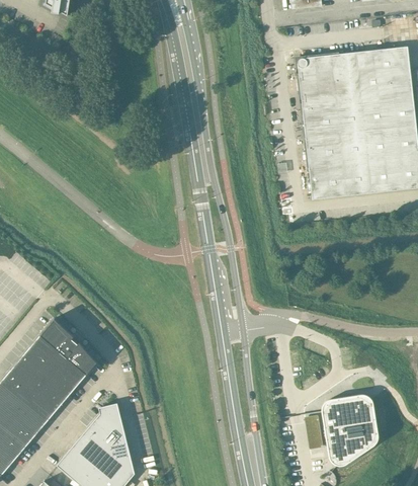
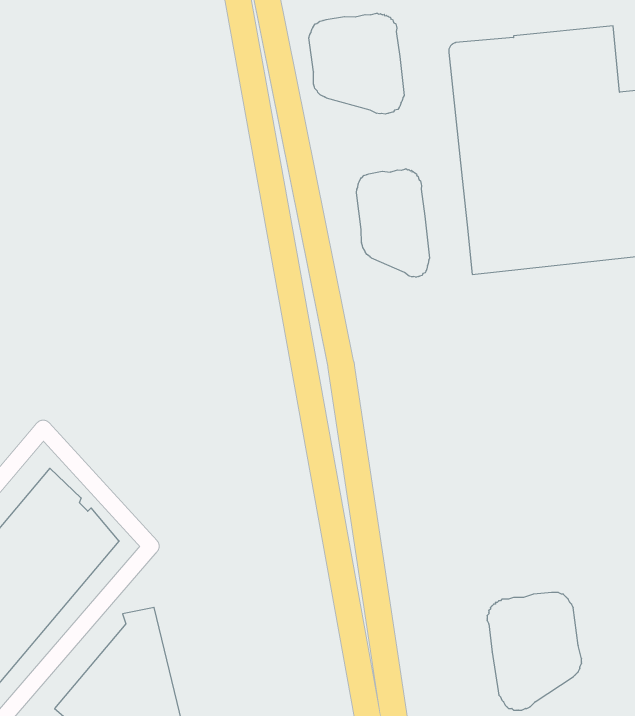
building: none -> [309,13,404,114]
building: none -> [356,169,430,277]

